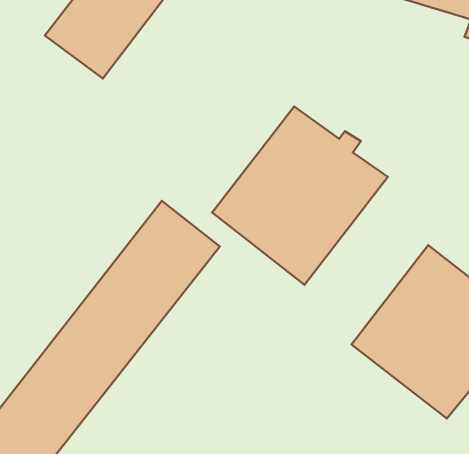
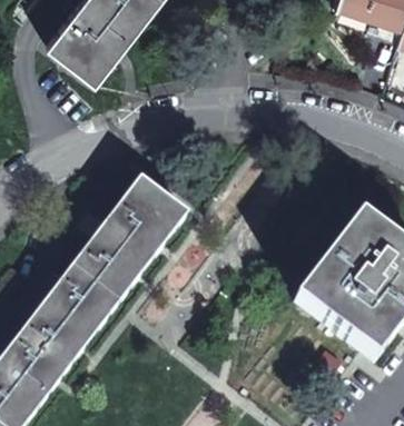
building: [212,107,388,285] -> none

